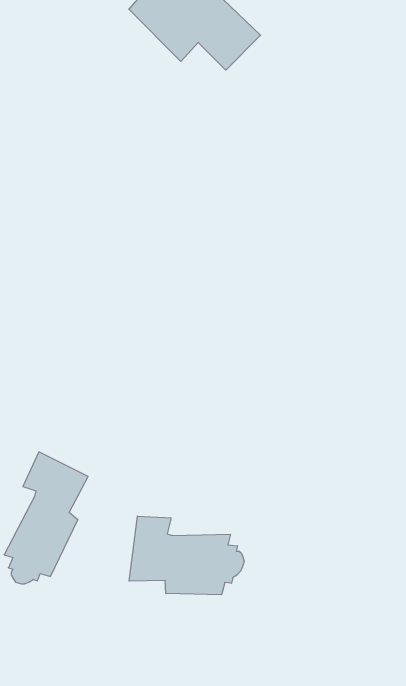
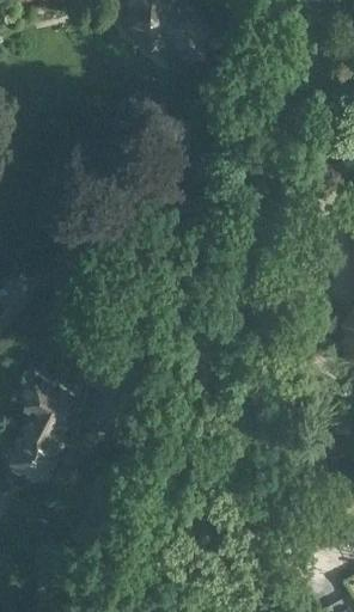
building: [129,516,244,595] -> none

